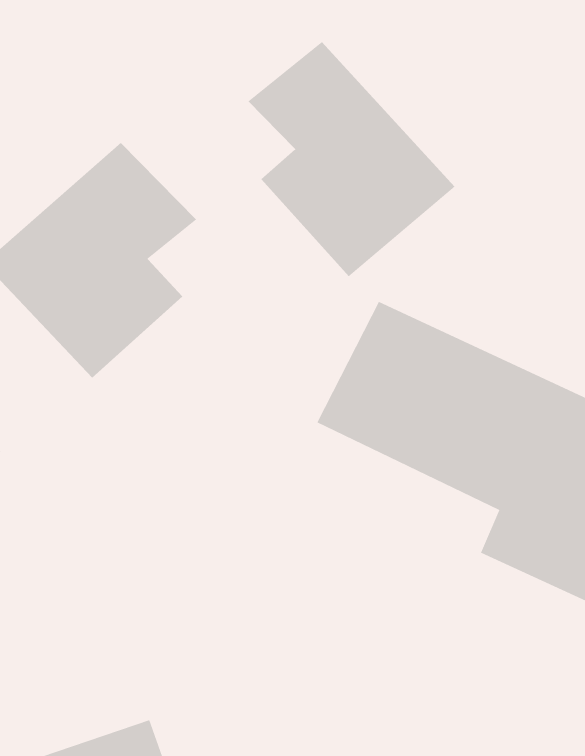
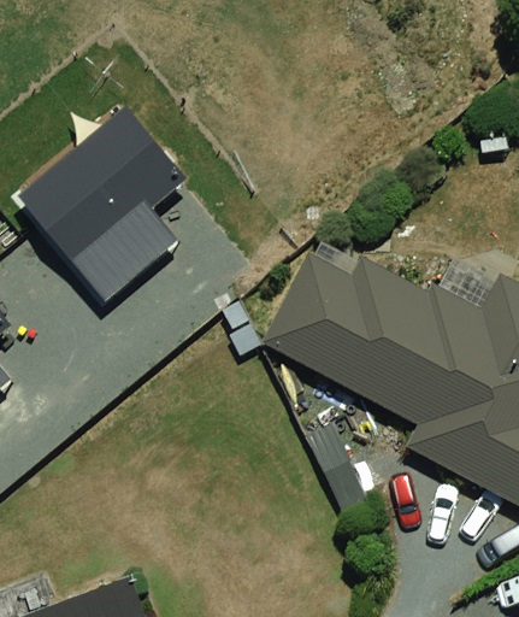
building: [248,41,456,277] -> none

